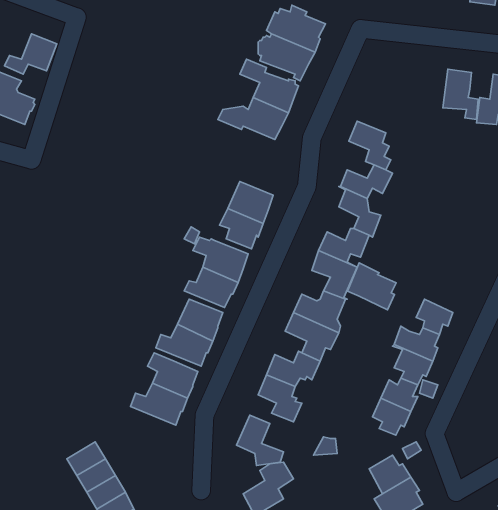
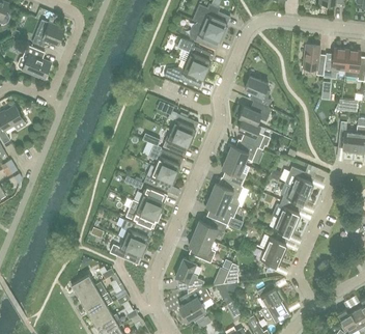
building: [347,263,396,310] -> [284,165,314,194]

